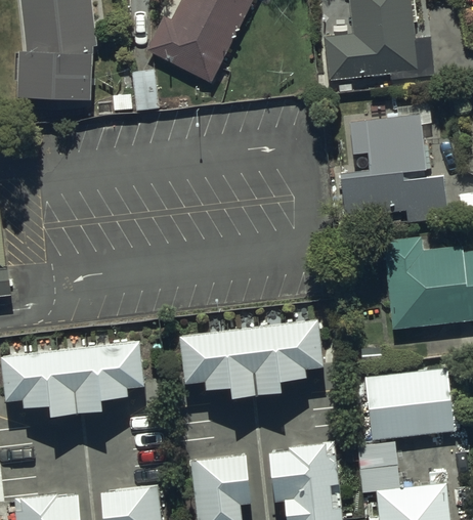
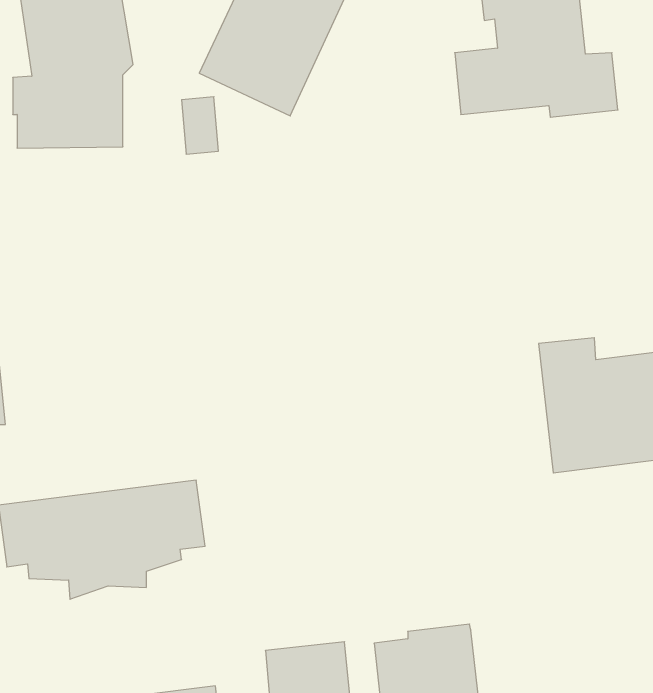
building: [341,113,448,218] -> none
building: [180,314,326,399] -> none
building: [364,370,454,461] -> none

